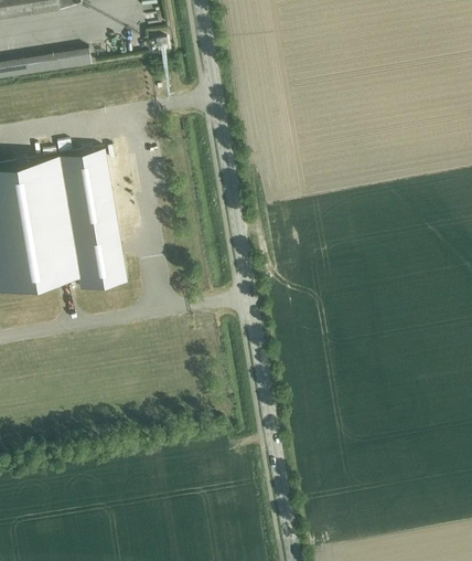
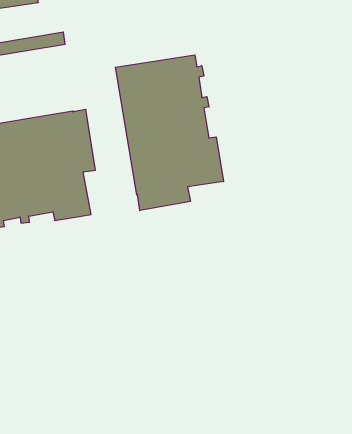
building: none -> [116,55,223,211]

